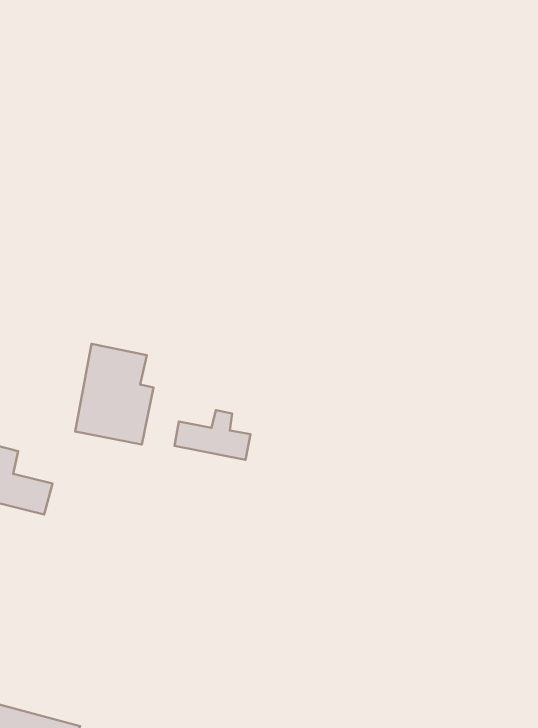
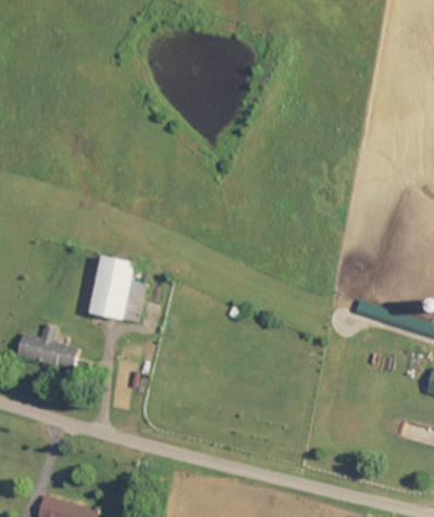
building: [174,410,250,460] -> none

